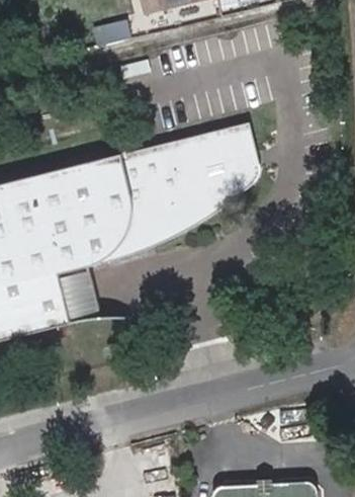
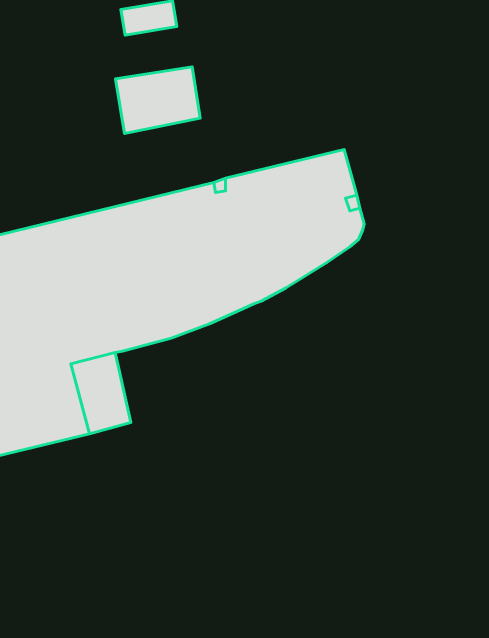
building: none -> [116,67,200,134]

